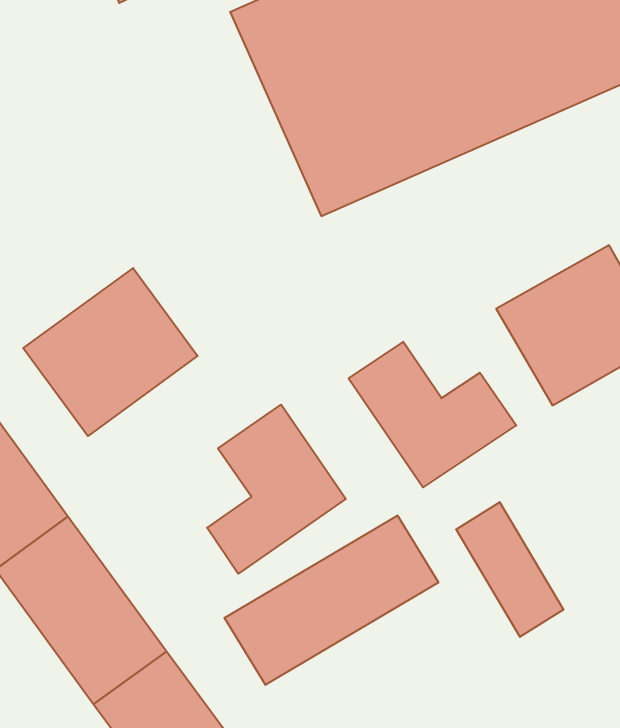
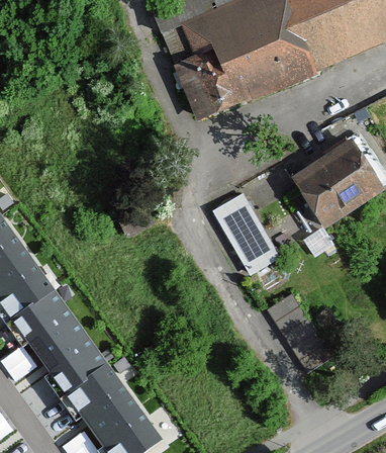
building: [23,268,198,436] -> none
building: [207,405,346,574] -> none
building: [224,515,438,685] -> none

